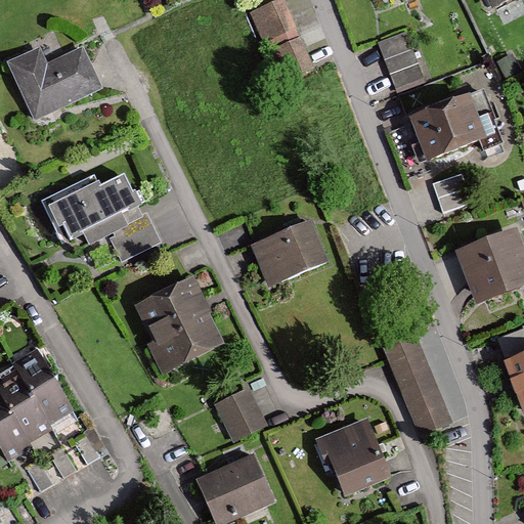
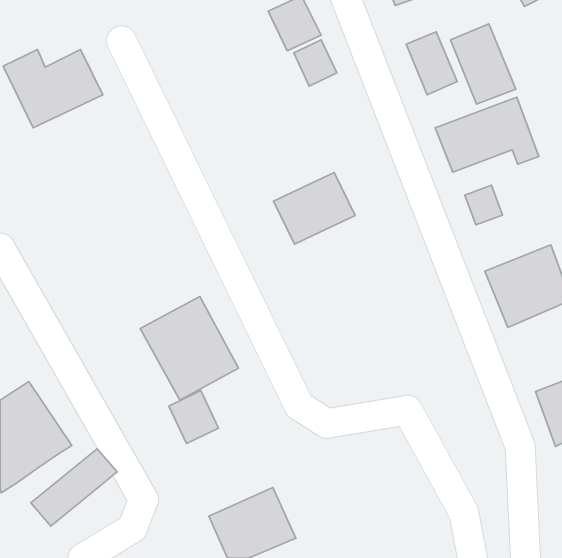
building: none -> [450,24,516,104]
building: [39,174,139,248] -> none
building: [251,223,326,290] -> [273,173,355,244]
building: [384,334,454,437] -> none
building: [217,388,263,437] -> [169,391,219,444]
building: [321,422,392,497] -> none

